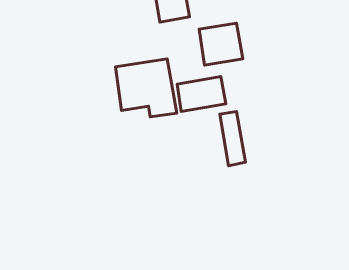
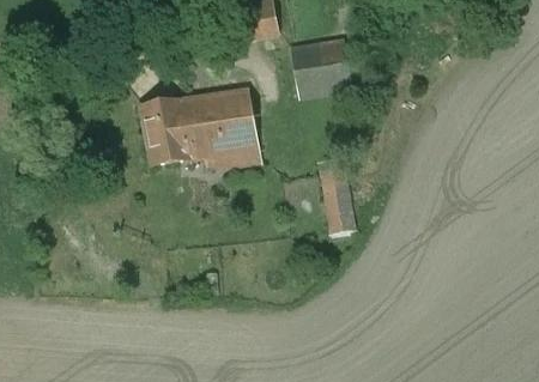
building: none -> [139,99,187,163]
building: [177,77,226,111] -> none

